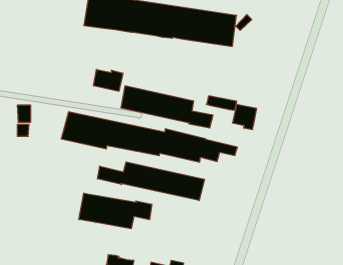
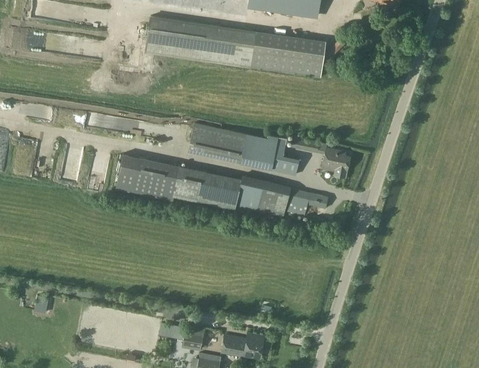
building: [93,69,123,91] -> none
building: [98,162,205,201] -> none
building: [79,193,152,229] -> none

